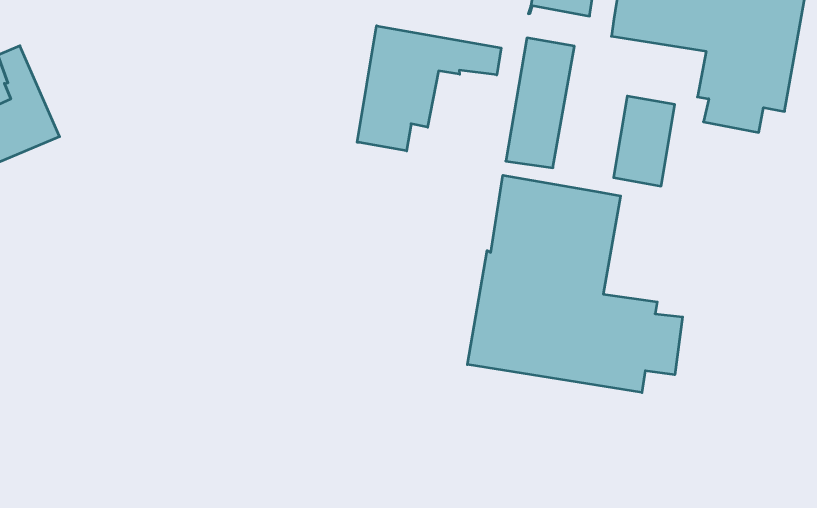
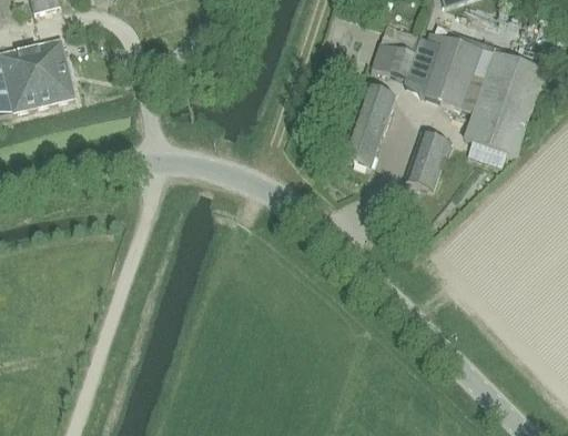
building: [357,26,501,151] -> none
building: [467,175,683,393] -> none

